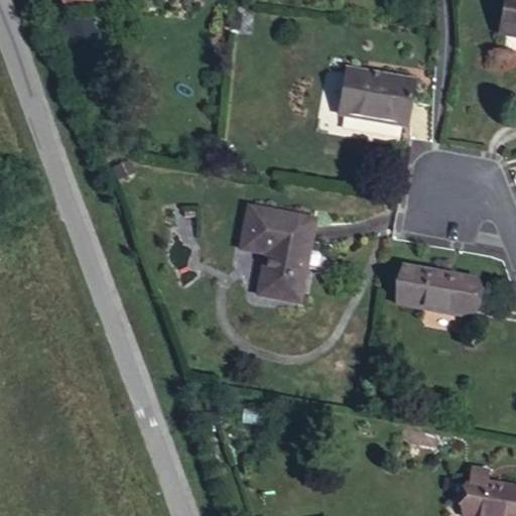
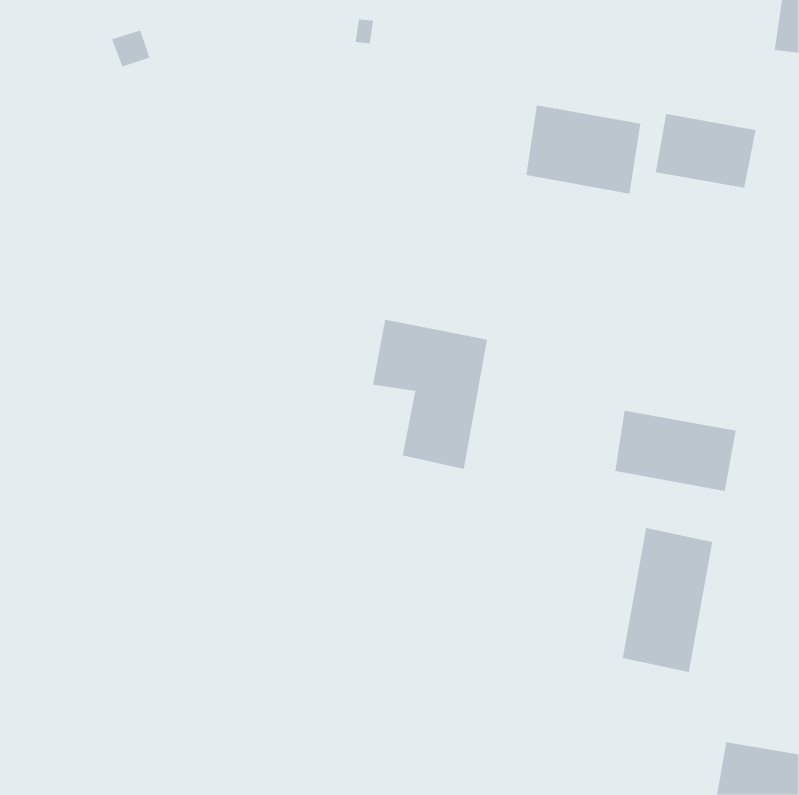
building: none -> [655,113,756,188]
building: none -> [622,527,713,673]

